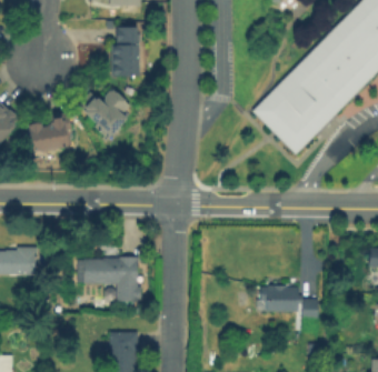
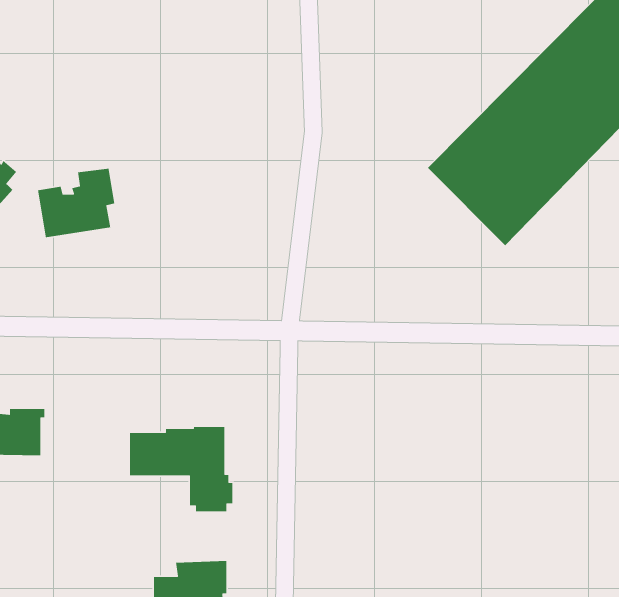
building: [116,27,143,76] -> none
building: [81,88,132,135] -> none
building: [259,284,317,319] -> none

